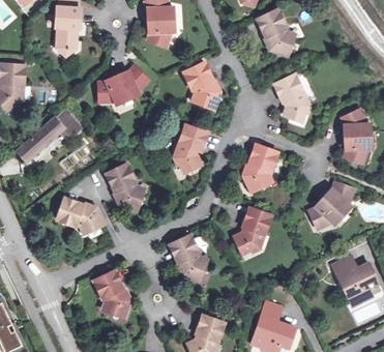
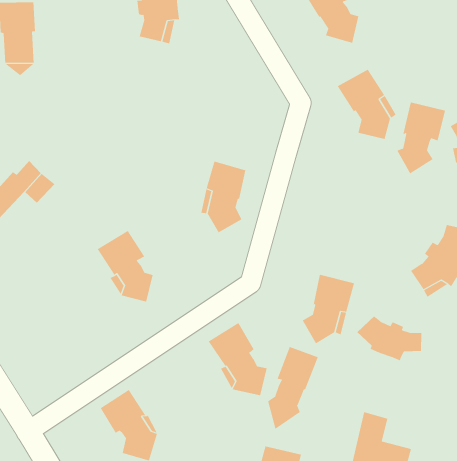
building: [183,61,219,109] -> none
building: [96,66,147,105] -> none
building: [241,144,276,192] -> [396,102,446,174]
building: [54,199,101,233] -> none
building: none -> [357,315,422,361]
building: none -> [267,346,318,430]

